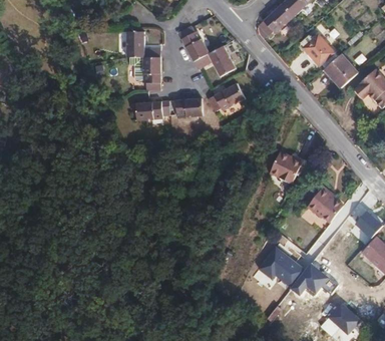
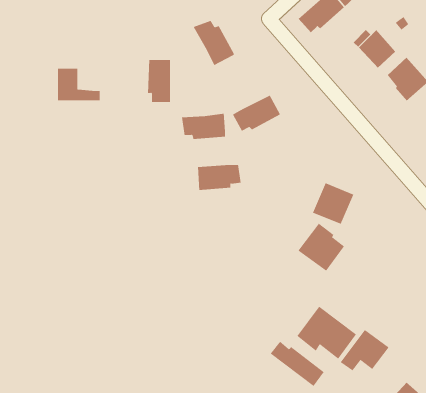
building: [126,31,159,56] -> [57,68,100,101]
building: [192,45,235,75] -> none
building: [135,100,169,120] -> [197,164,242,191]
building: [306,186,342,223] -> [298,223,345,271]
building: none -> [270,341,325,387]

